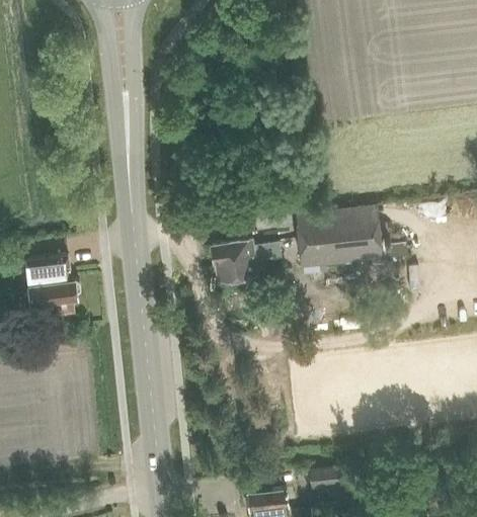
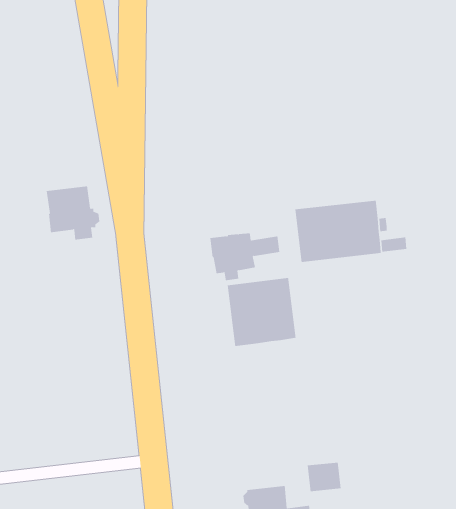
building: [25,257,79,311] -> [46,186,100,240]
building: none -> [227,277,296,347]

